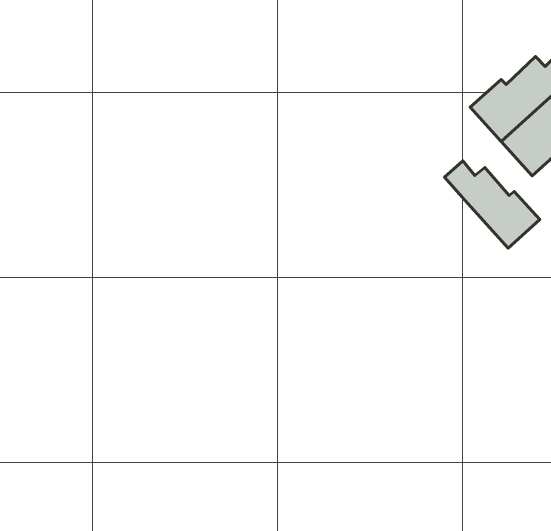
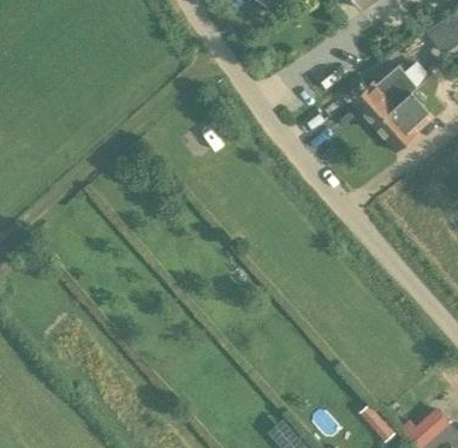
building: [444,161,540,248] -> none

